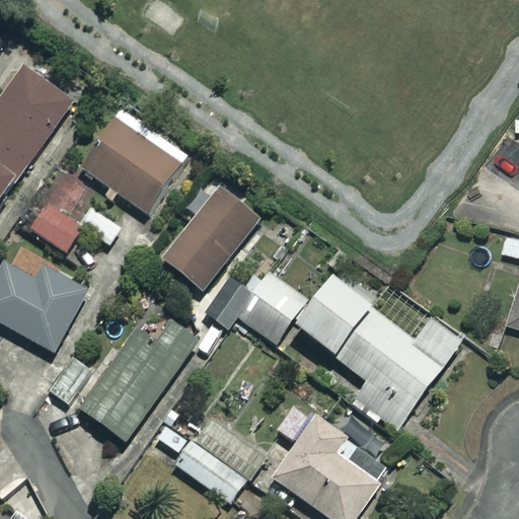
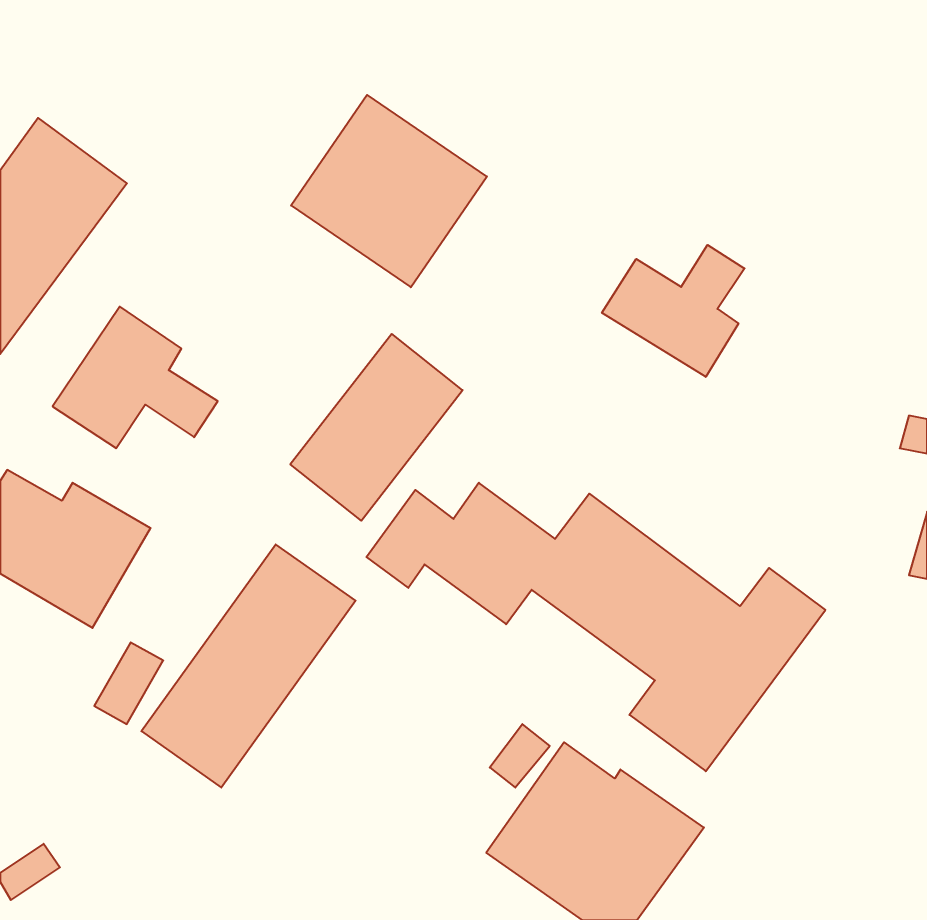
building: [79,105,189,213] -> [291,95,487,287]
building: none -> [602,245,745,377]
building: [174,441,245,502] -> none

